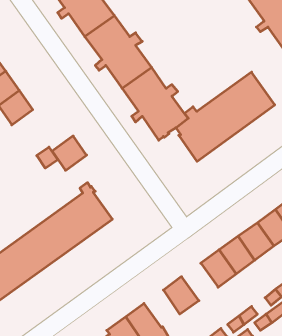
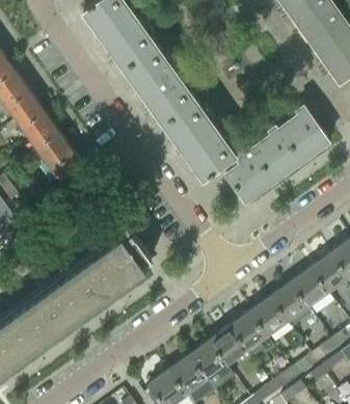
building: [52,136,87,170] -> [44,144,81,182]
building: none -> [227,311,267,351]
building: none -> [187,340,225,380]

